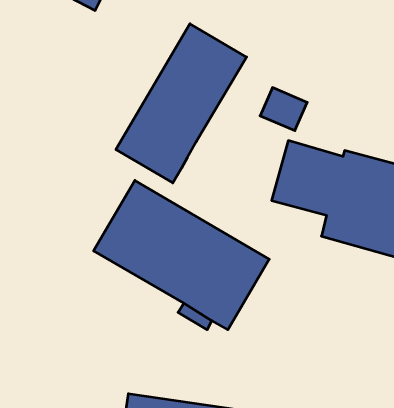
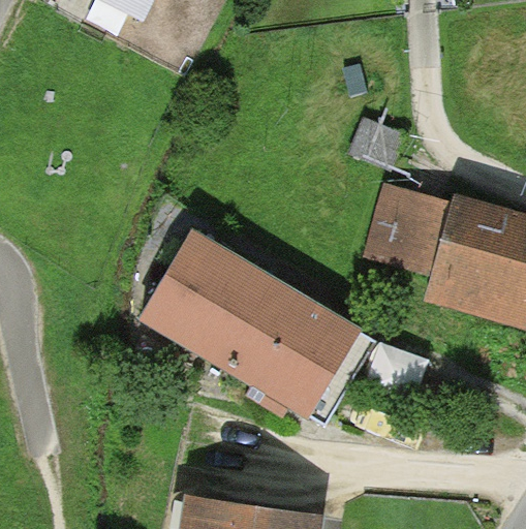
building: [116,24,247,183] -> none

